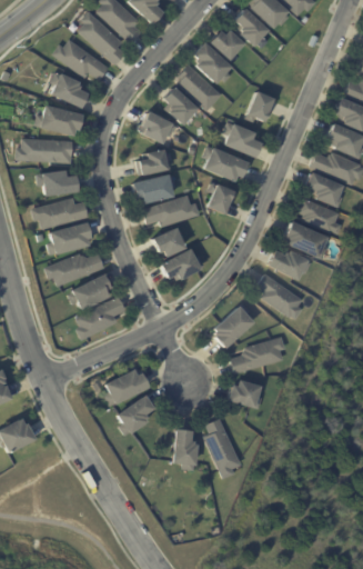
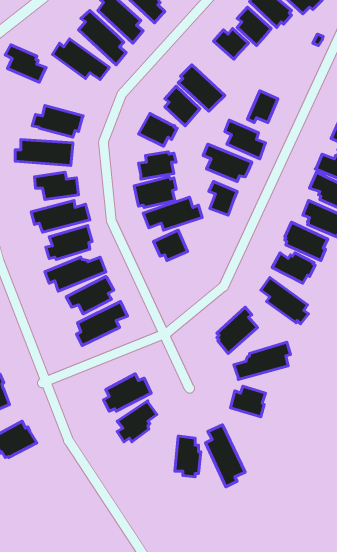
building: [194,41,232,82] -> none
building: [49,69,89,106] -> [5,45,46,82]
building: [161,249,201,280] -> none

